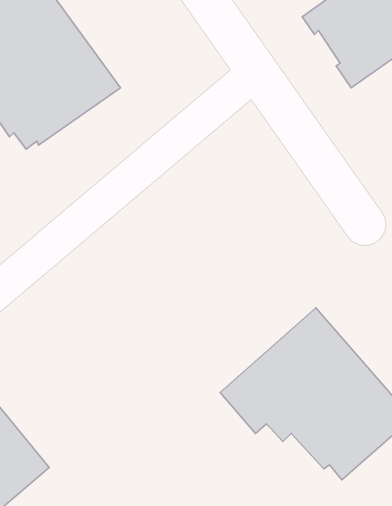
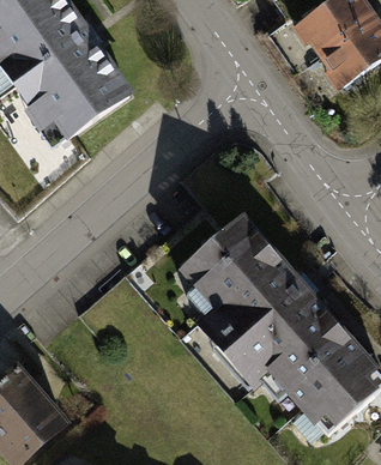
building: none -> [180,217,303,357]

